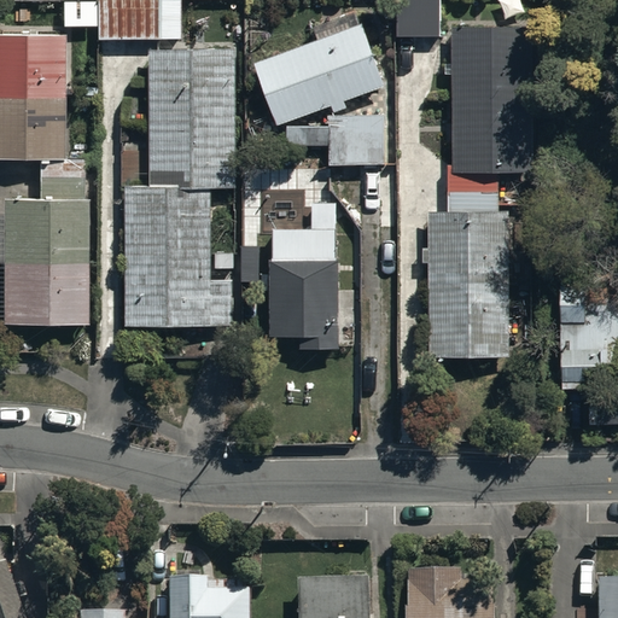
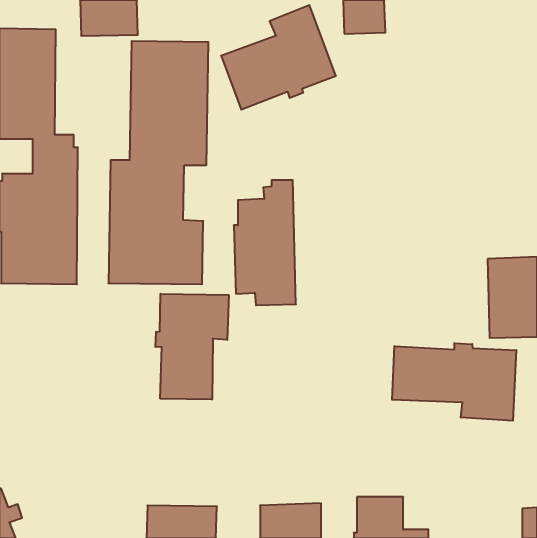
building: [420,25,523,358] -> none
building: [327,113,385,168] -> none
building: none -> [156,294,229,400]
building: none -> [392,343,516,421]

